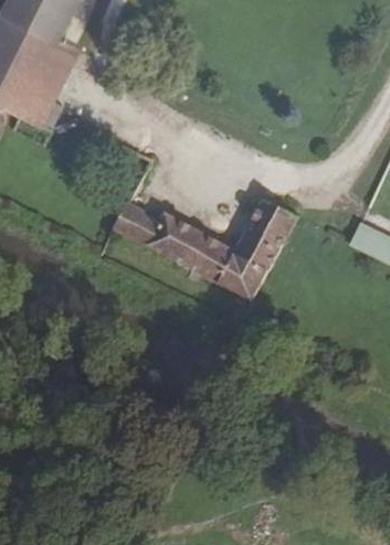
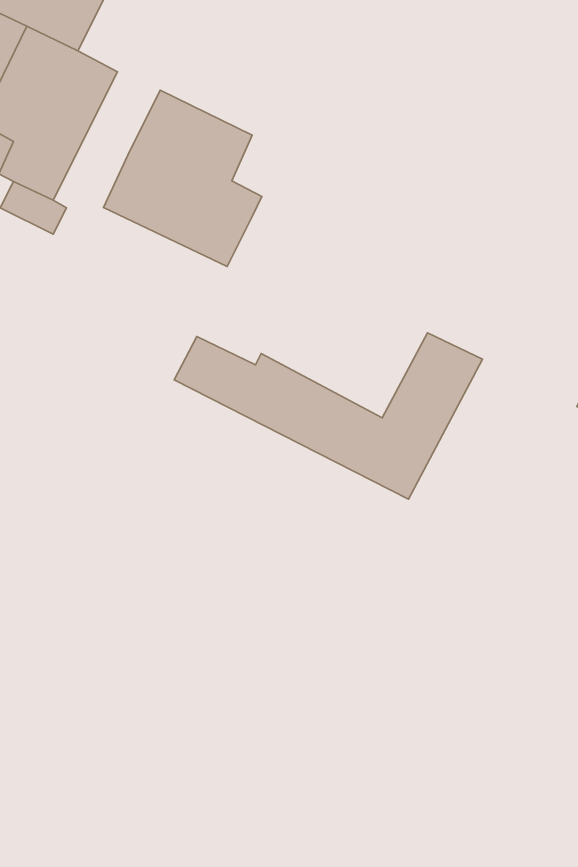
building: none -> [103,90,262,266]

